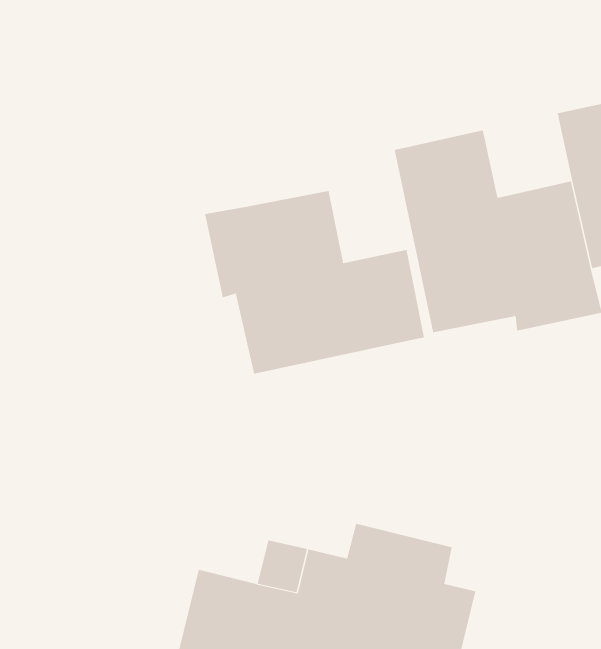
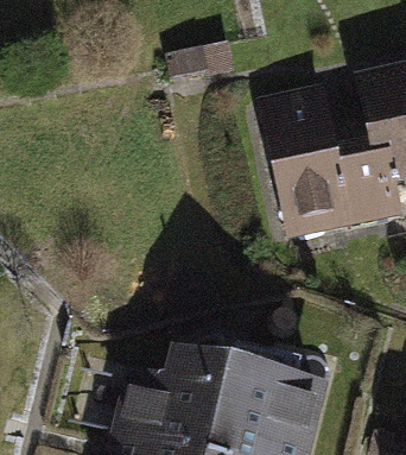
building: [205,190,425,375] -> none

